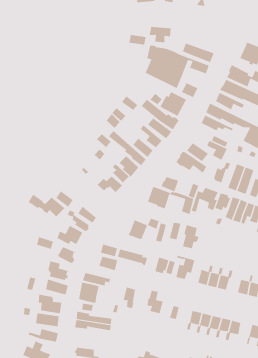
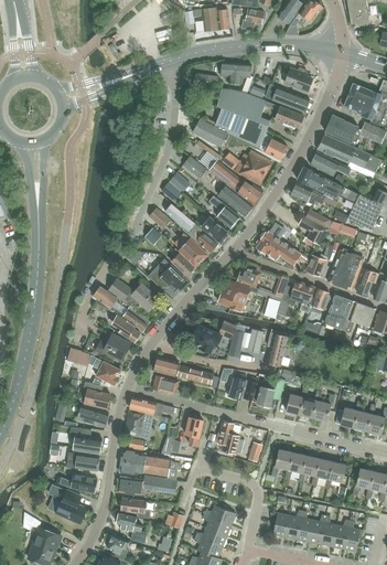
building: none -> [281,66,312,93]
building: none -> [192,119,227,148]
building: [28,194,65,217] -> [108,279,159,311]
building: none -> [117,477,175,495]

